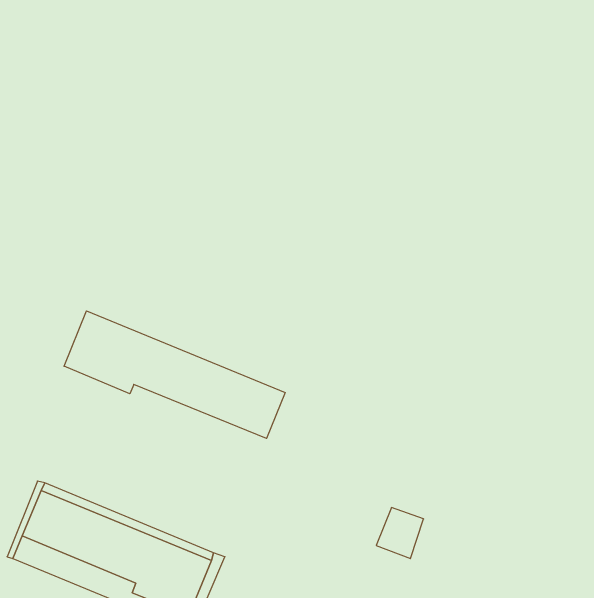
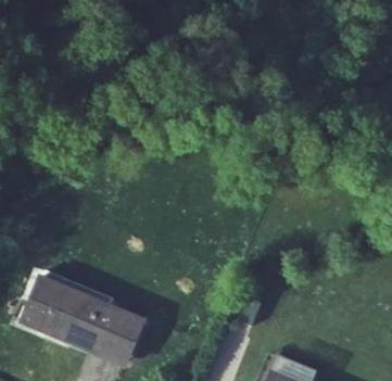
building: [64,311,285,438] -> none

